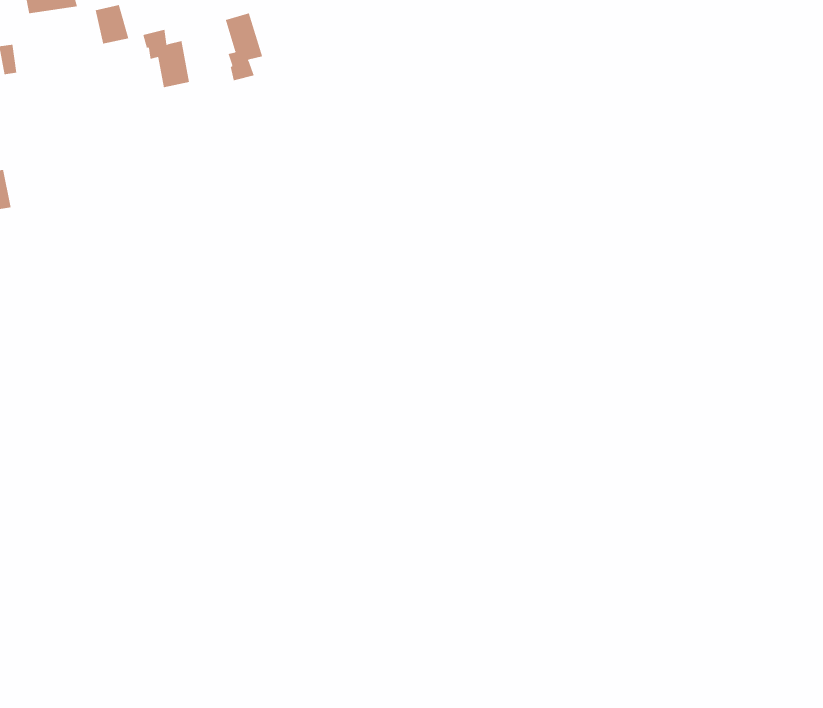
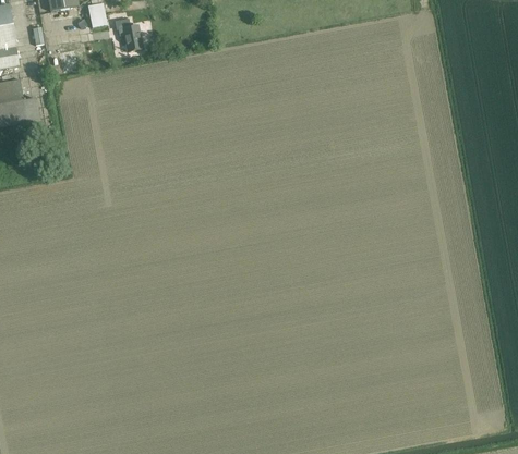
building: [225,13,263,81] -> none

